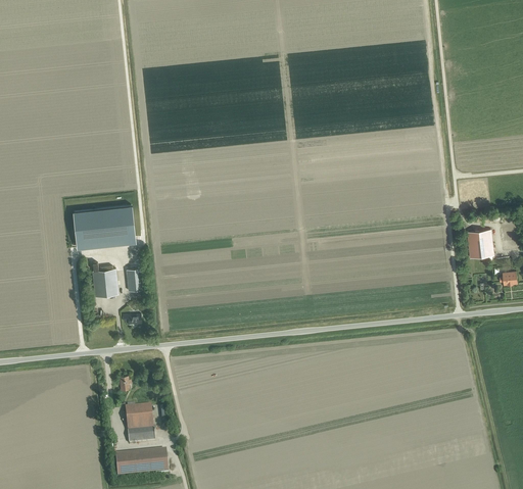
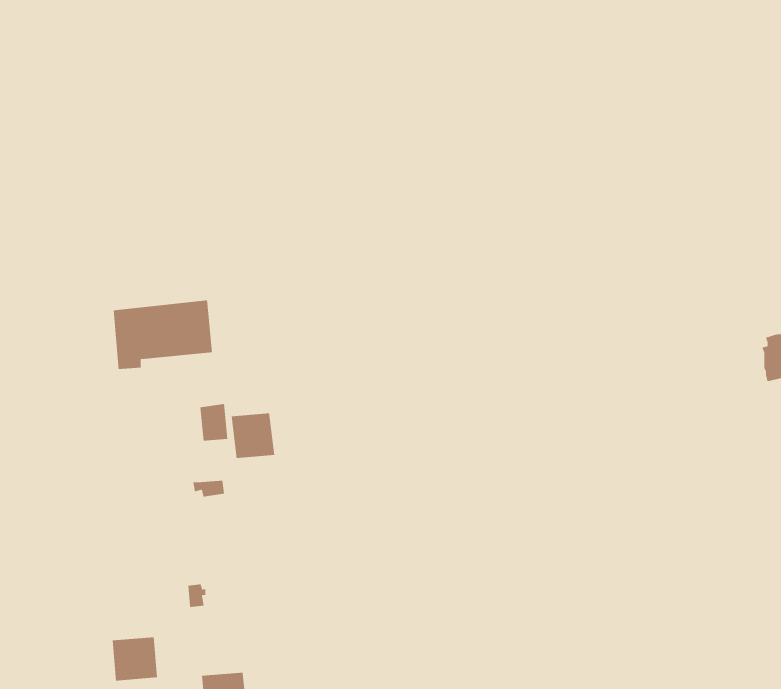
building: [92,271,118,298] -> [231,413,275,459]
building: [126,406,153,433] -> [112,637,158,681]

